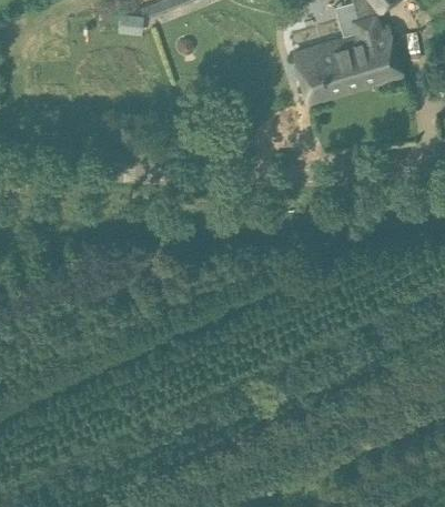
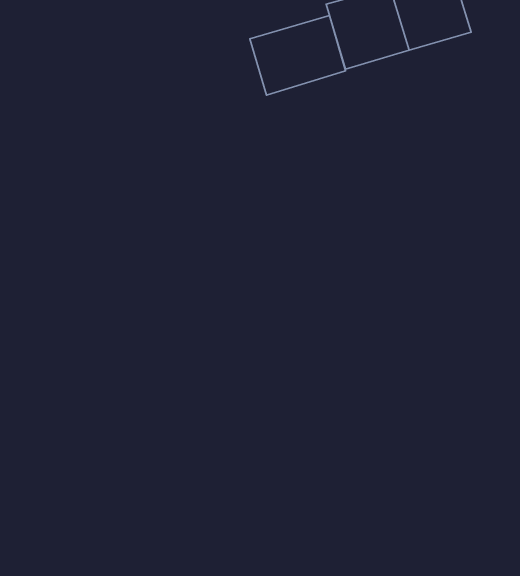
building: none -> [250,16,345,95]

